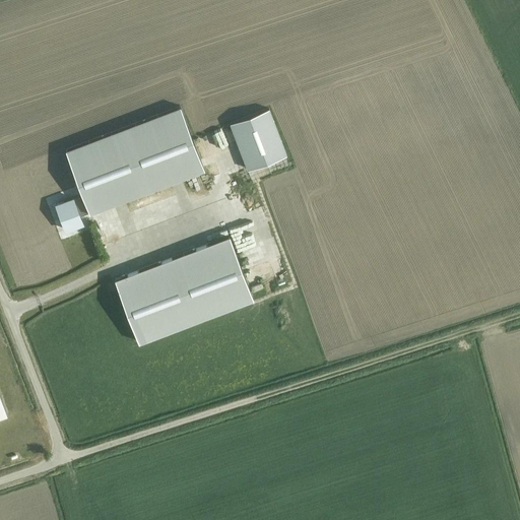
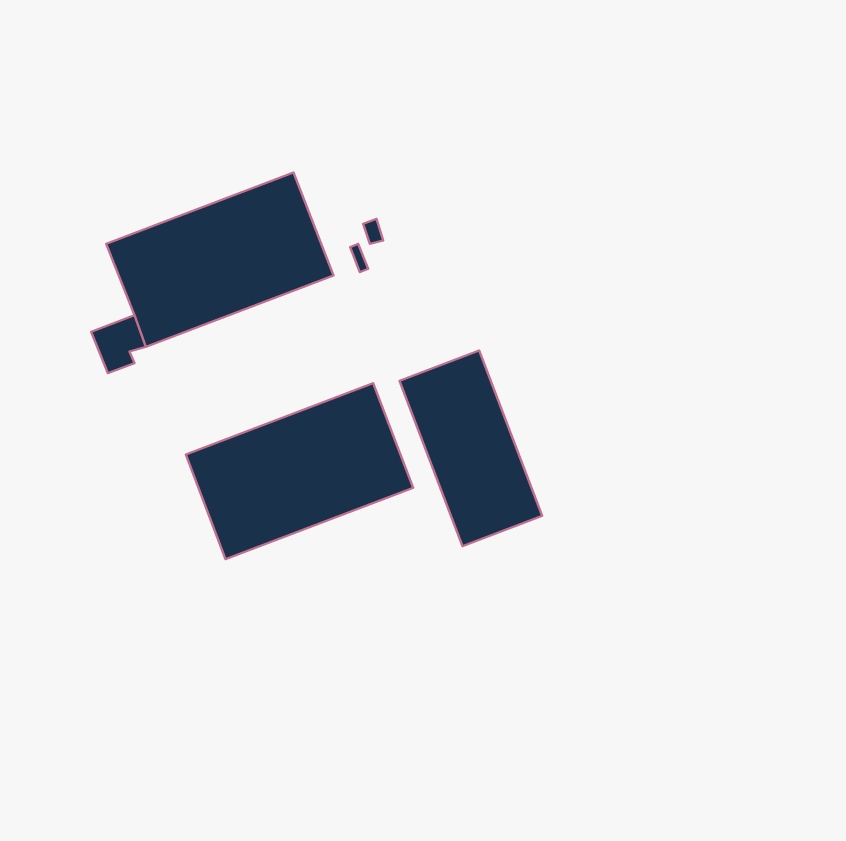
building: [230,112,286,173] -> none
building: none -> [399,350,542,546]

